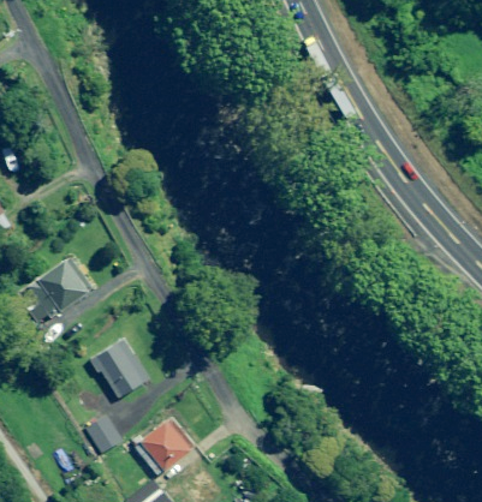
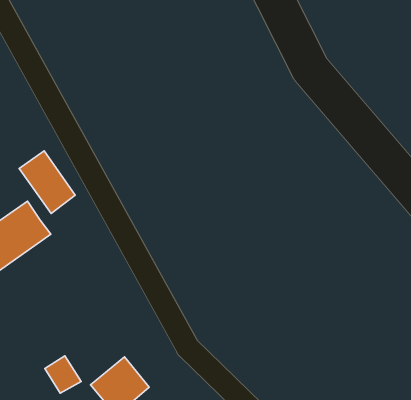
building: none -> [19,151,75,214]
building: [89,339,149,399] -> none

